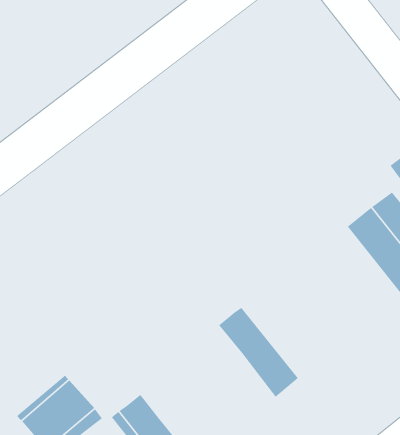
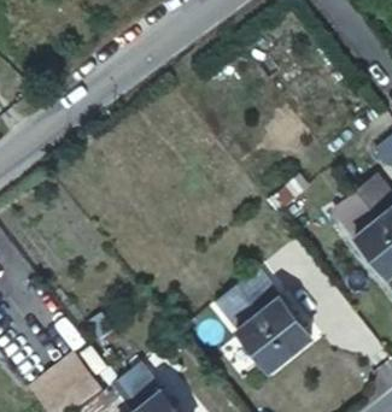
building: none -> [236,271,310,354]

